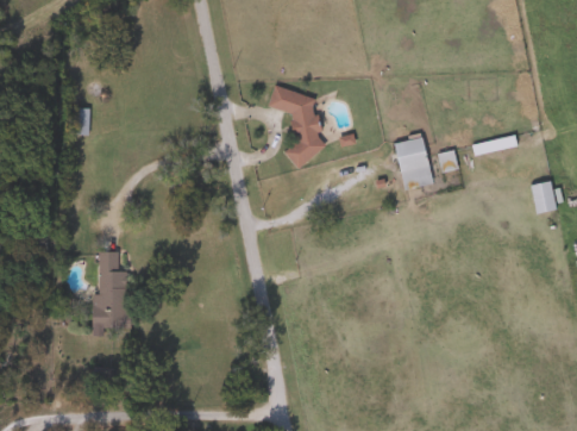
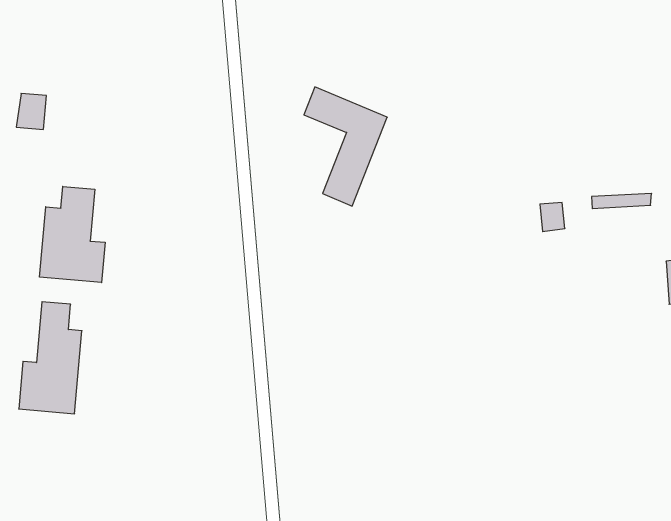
building: [396,136,434,188] -> none
building: none -> [40,186,105,283]

